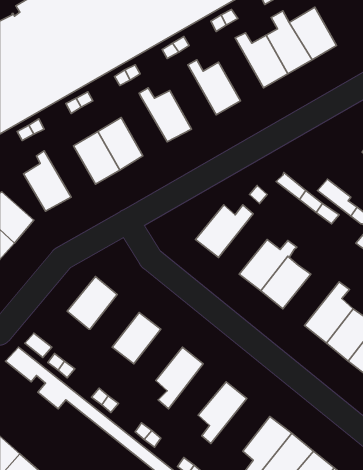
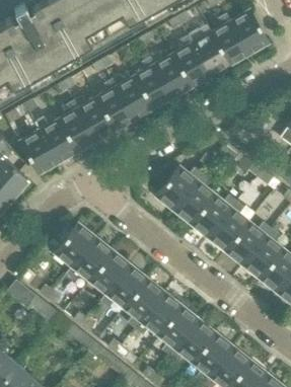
building: none -> [173,34,209,84]
building: none -> [135,56,171,106]
building: none -> [96,80,133,128]
building: none -> [34,118,76,160]
building: none -> [173,173,212,221]
building: none -> [224,221,269,261]
building: none -> [65,237,111,279]
building: none -> [100,264,145,305]
building: none -> [134,292,179,333]
building: none -> [167,319,214,361]

